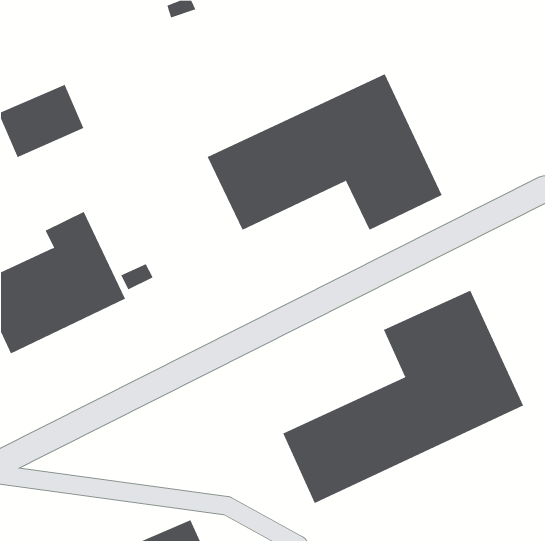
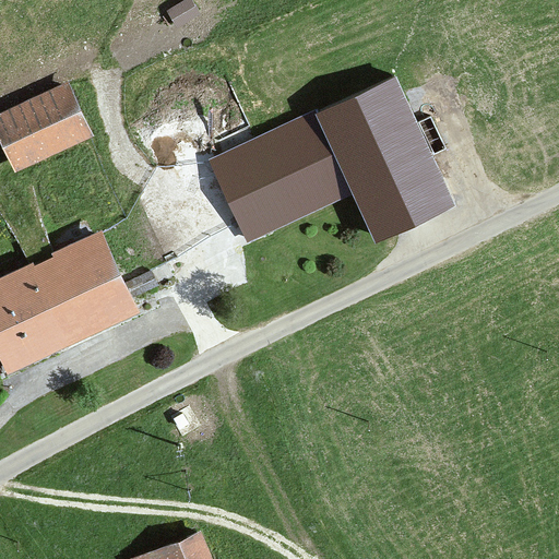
building: [282,290,524,504] -> none

